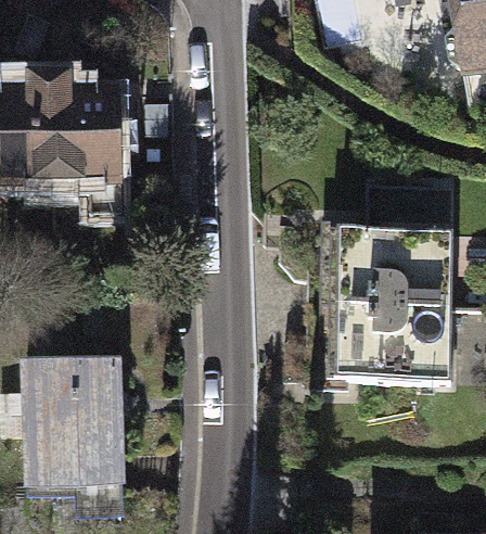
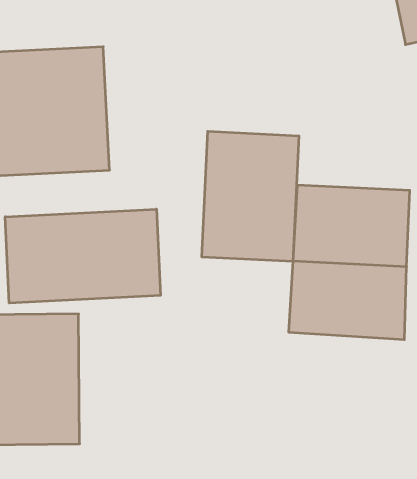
building: none -> [202,131,299,262]
building: none -> [5,209,160,303]

